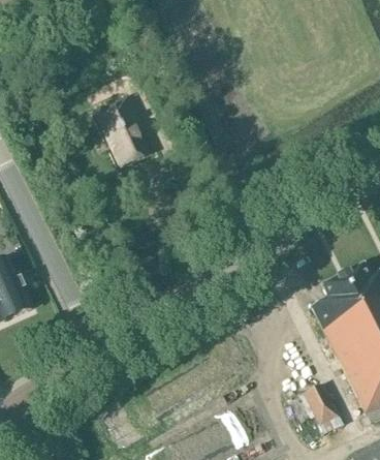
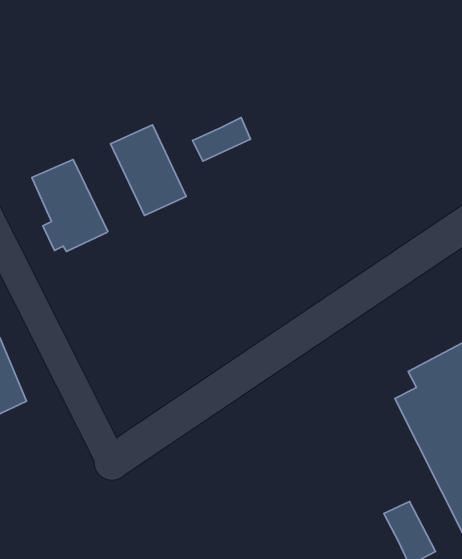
building: none -> [193,117,251,161]
building: none -> [32,160,108,252]

